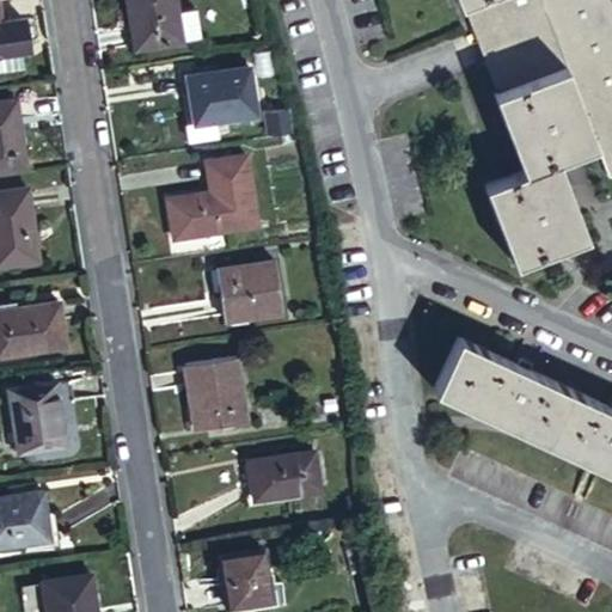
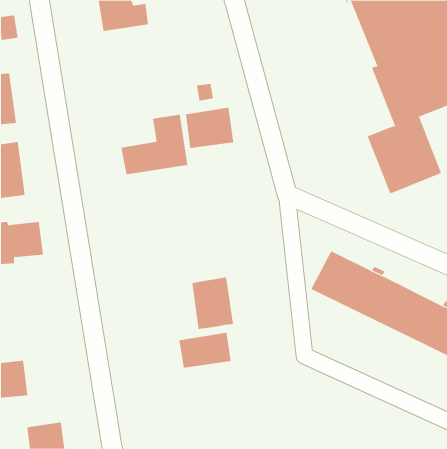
building: [177,73,244,129] -> [185,107,234,148]
building: [221,264,287,322] -> none
building: [182,360,239,432] -> [192,277,234,329]
building: [8,382,67,452] -> none
building: [216,550,264,602] -> none

